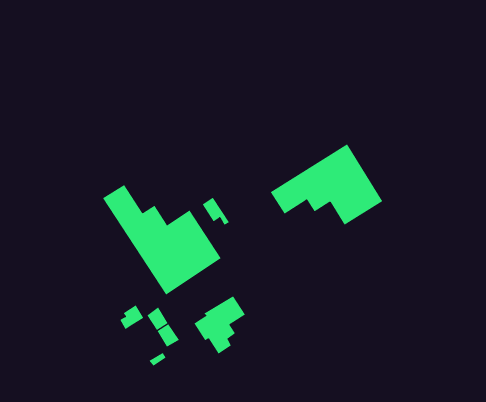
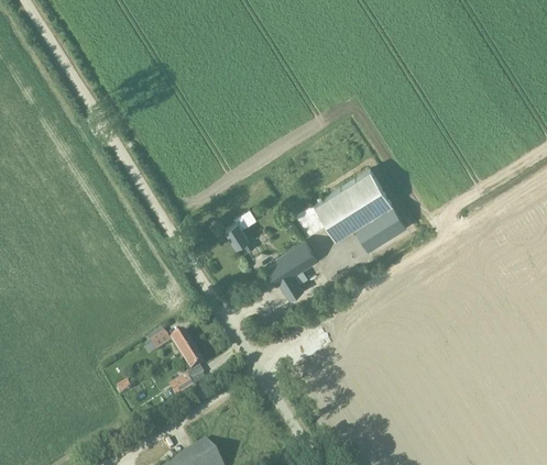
building: [102,184,222,296] -> none
building: [194,296,246,354] -> [266,240,318,298]

